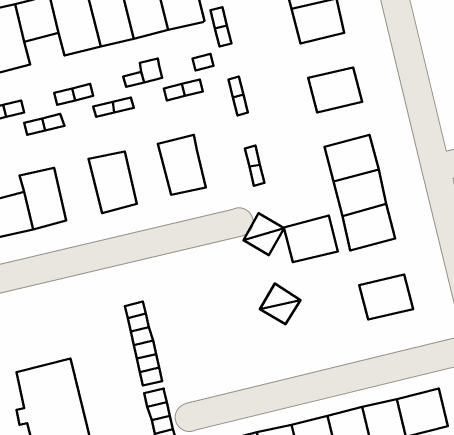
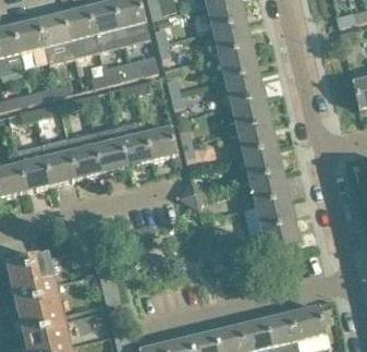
building: none -> [220,47,258,80]
building: none -> [232,97,270,130]
building: none -> [145,126,178,159]
building: none -> [93,128,126,171]
building: none -> [41,138,76,183]
building: [284,216,338,262] -> [256,196,295,230]
building: none -> [8,257,53,293]

